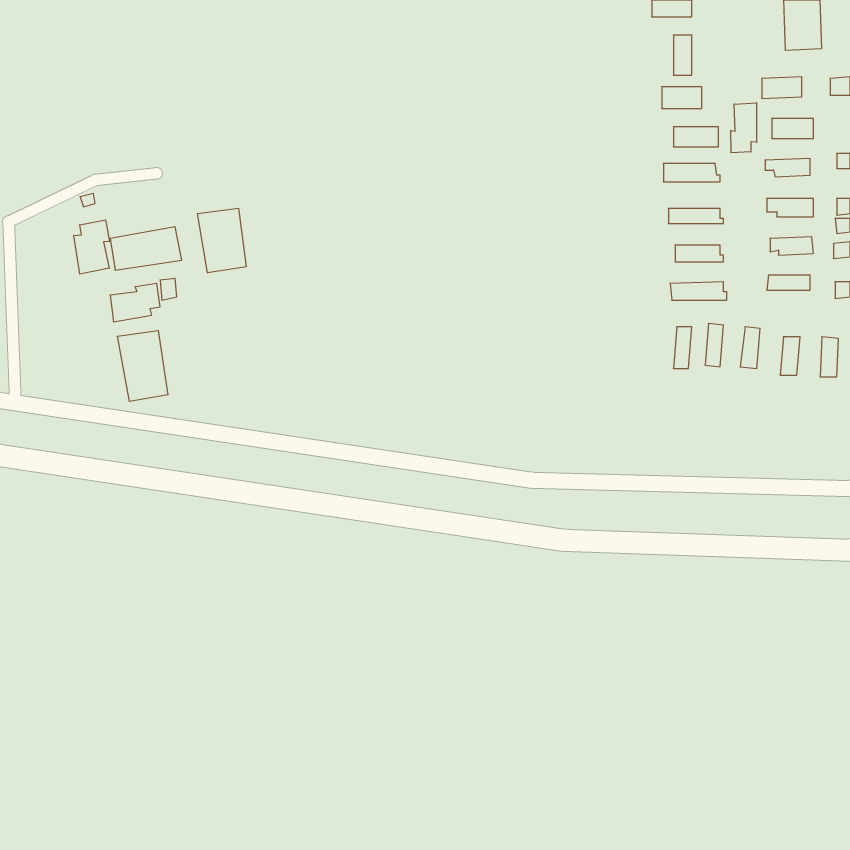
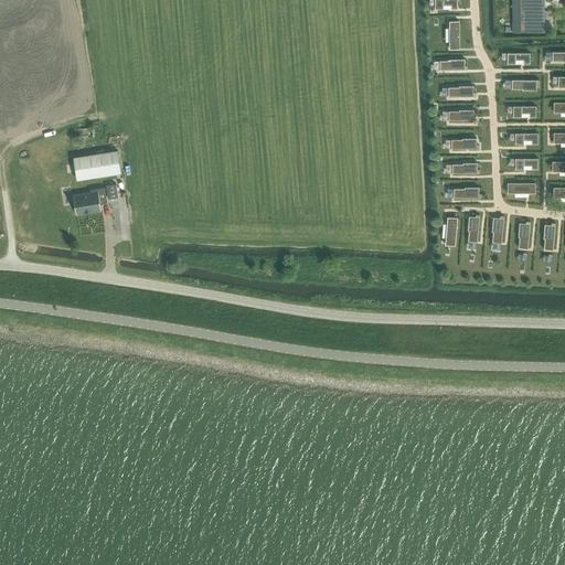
building: [731,103,757,153] -> none
building: [198,208,246,273] -> none
building: [74,220,109,274] -> none
building: [117,331,168,401] -> none

